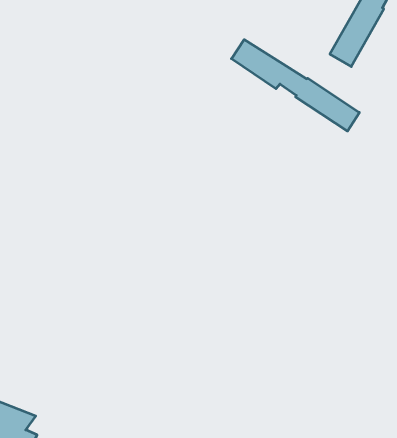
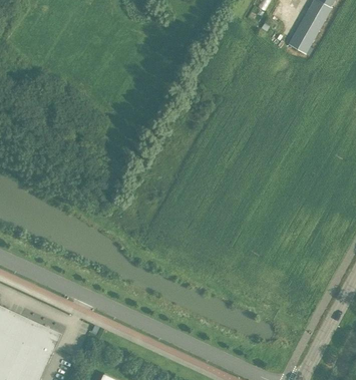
building: [231,40,359,131] -> none

